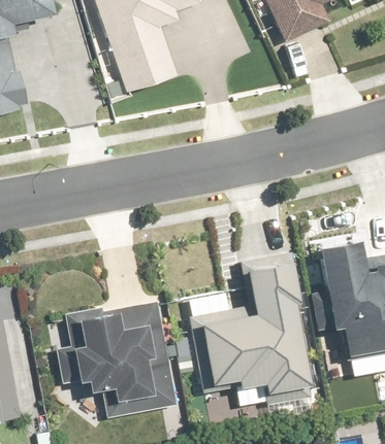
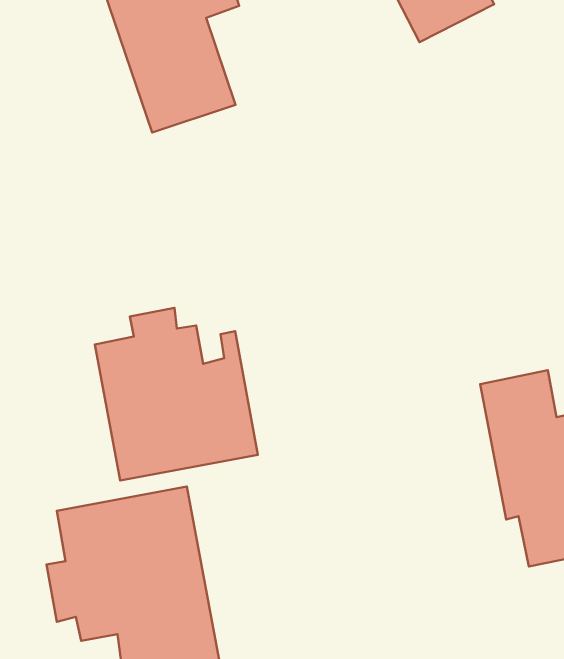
building: none -> [95,308,258,481]
building: [192,260,304,395] -> none

